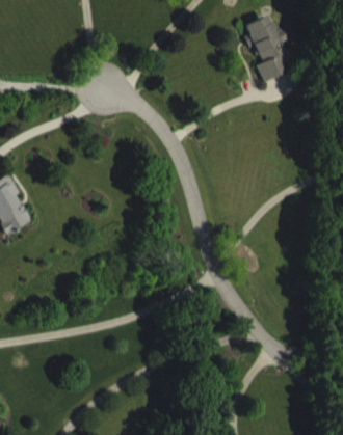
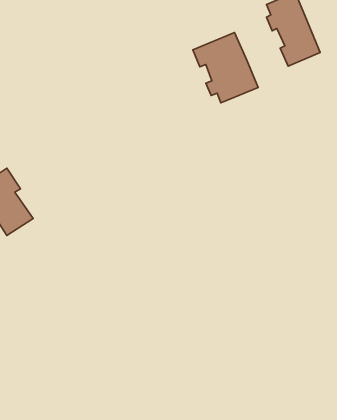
building: none -> [193,33,258,103]

